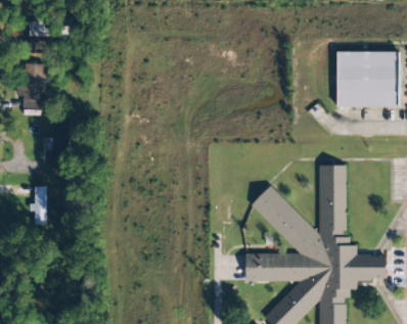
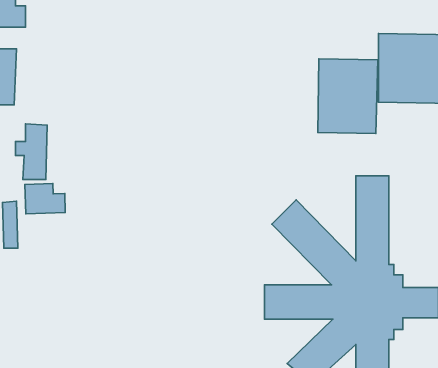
building: none -> [318,59,378,133]
building: none -> [25,184,65,214]

